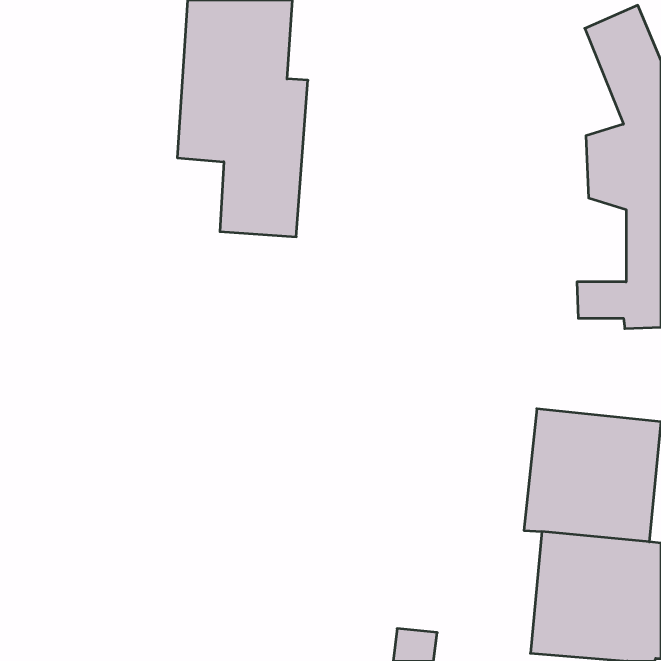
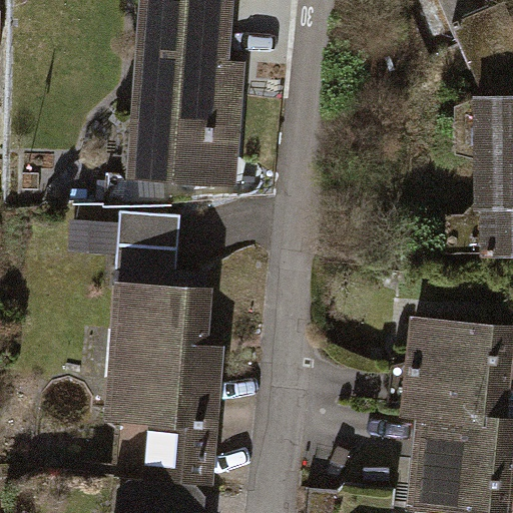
building: none -> [116,209,180,278]
building: none -> [116,285,217,481]

